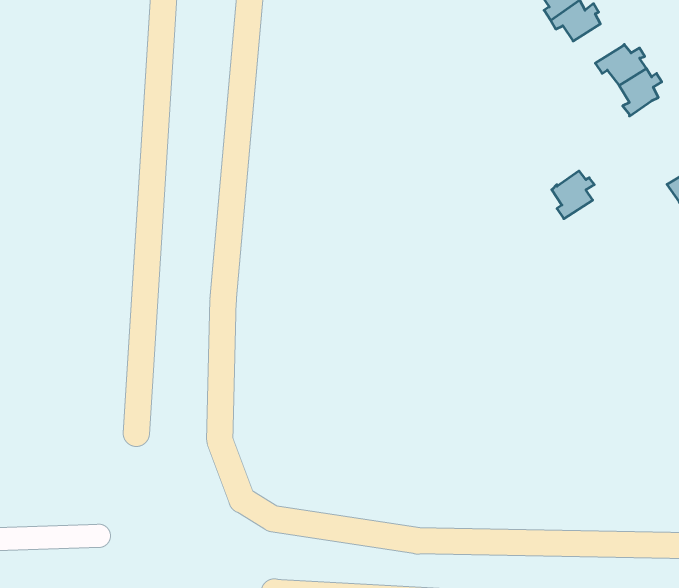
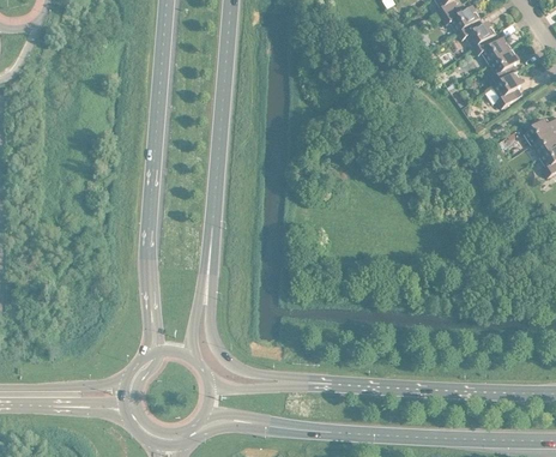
building: none -> [460,17,495,46]
building: [552,171,594,219] -> [496,72,526,106]

